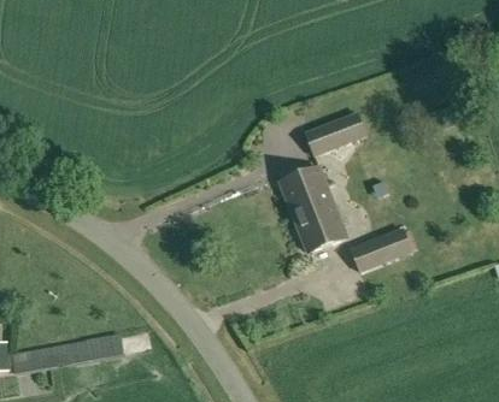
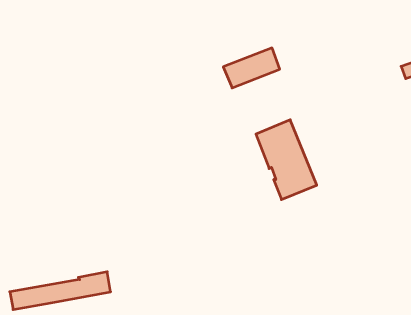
building: [305,113,366,156] -> [223,48,280,88]
building: [351,230,412,272] -> none

